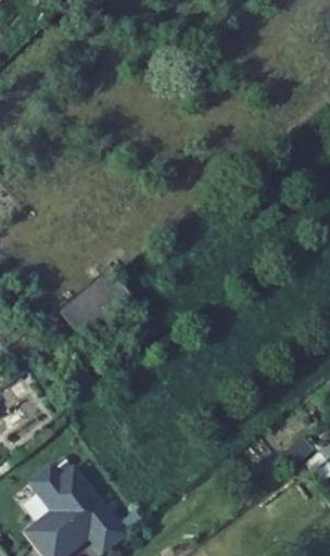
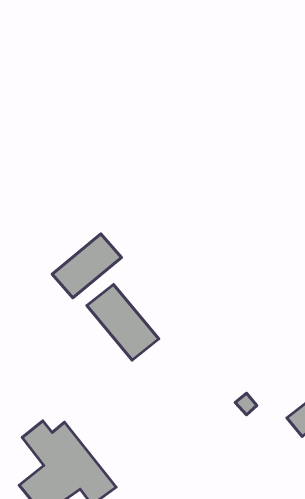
building: none -> [87,284,159,360]

